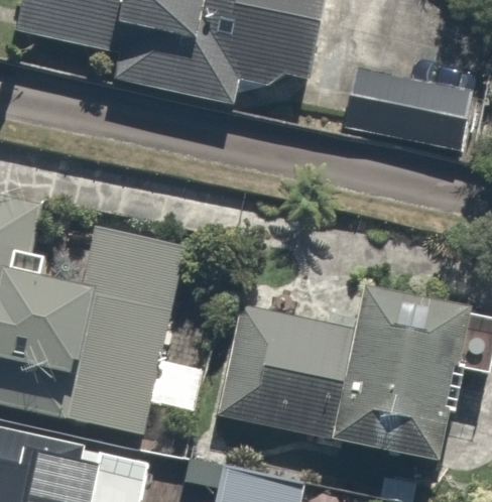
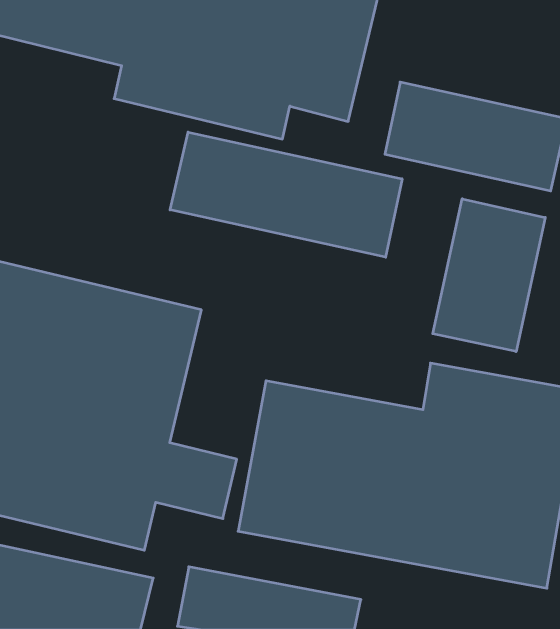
building: none -> [170,132,402,257]
building: none -> [433,199,545,352]

